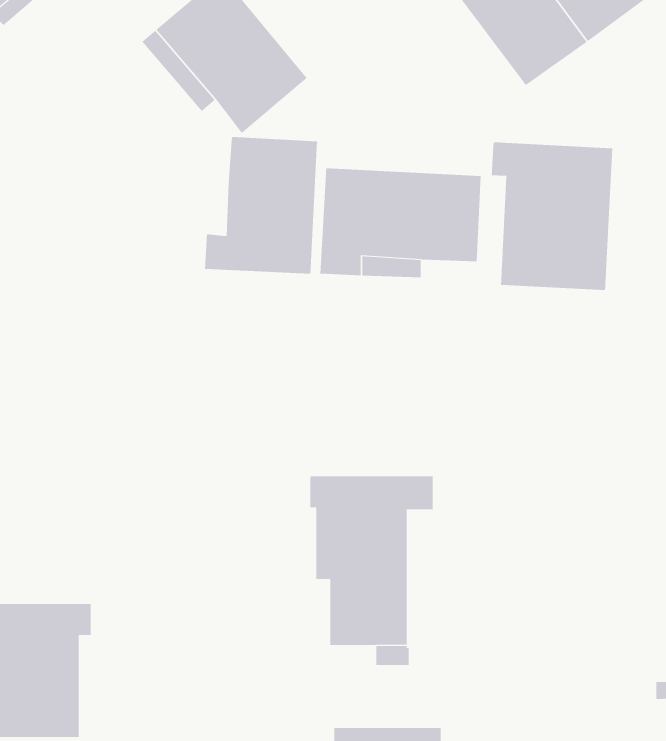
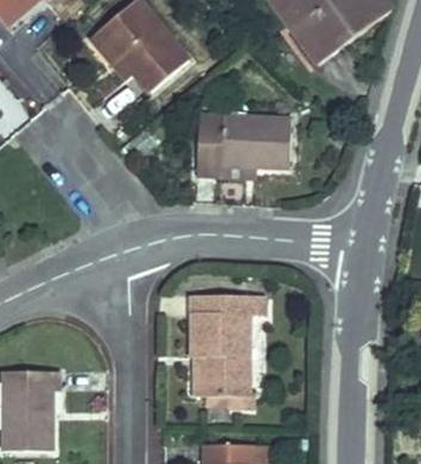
building: [204,136,318,274] -> none
building: [491,142,613,291] -> none

